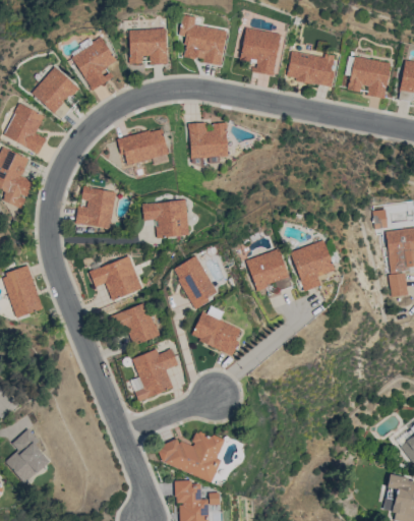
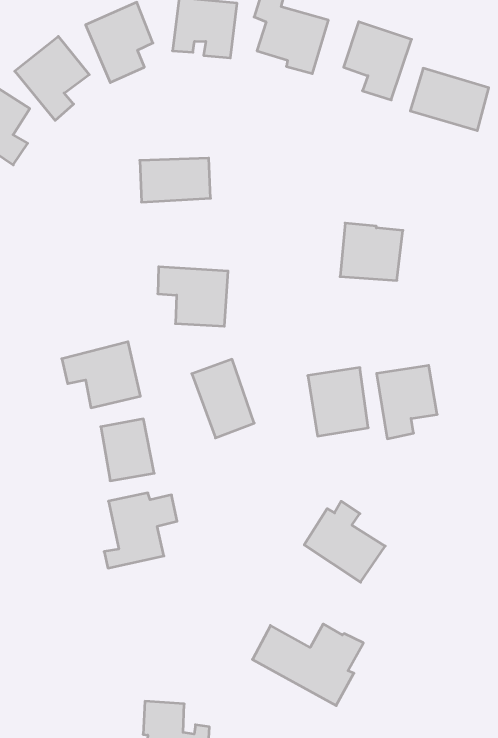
building: [189,122,228,158] -> [340,223,403,280]
building: [76,187,116,228] -> none
building: [191,305,243,355] -> [304,501,385,582]
building: [156,430,225,481] -> [252,624,363,706]

